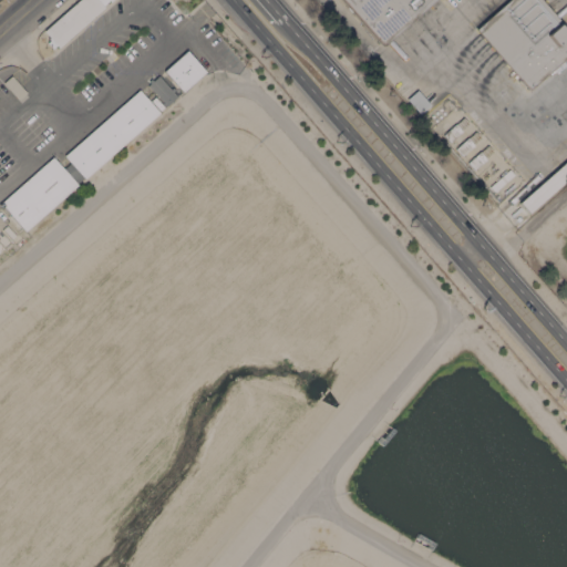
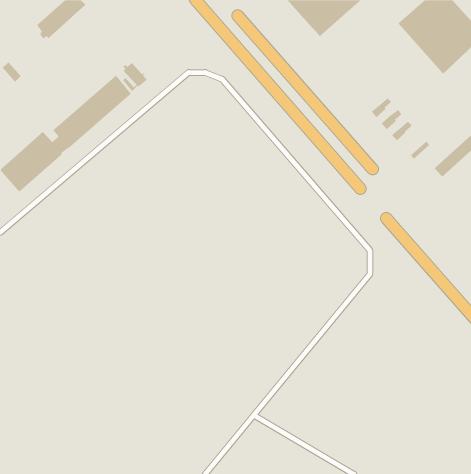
building: [167,50,208,91] -> none

